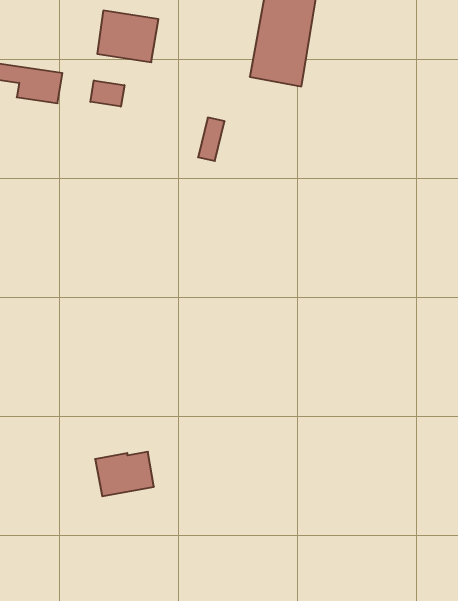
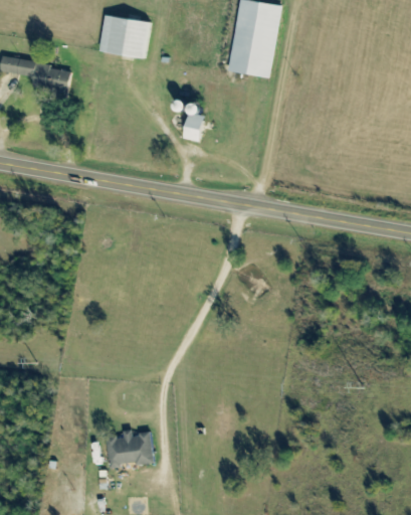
building: [90,80,124,107] -> none
building: [95,452,154,496] -> [105,432,154,469]

